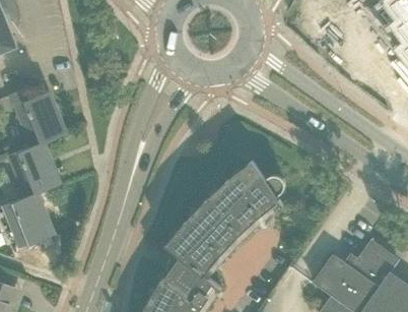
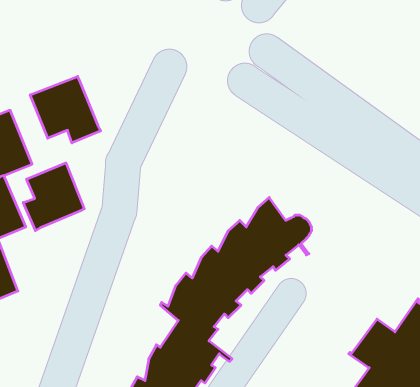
building: none -> [30,76,101,143]
building: none -> [23,163,84,231]

